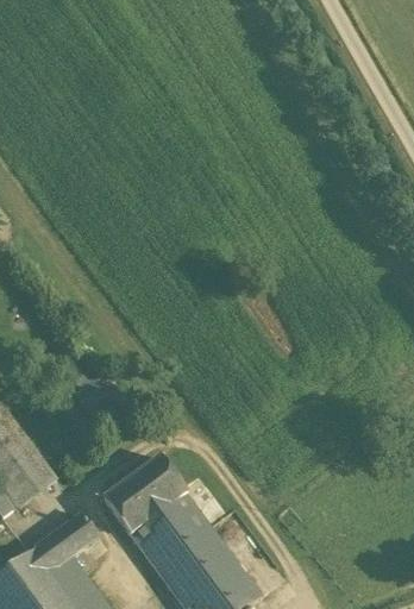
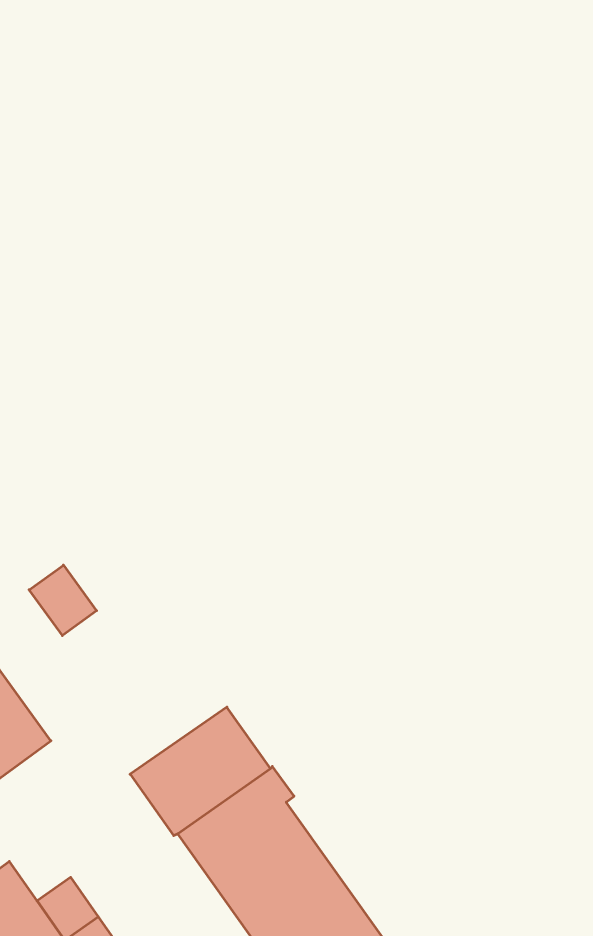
building: none -> [29,565,97,636]
building: [33,519,99,577] -> none

